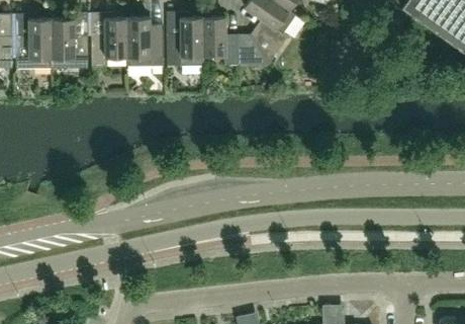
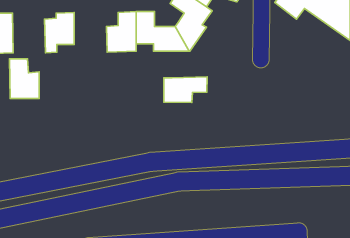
building: [126,17,163,66] -> none
building: [51,18,87,67] -> [9,59,39,98]
building: none -> [164,77,207,102]

